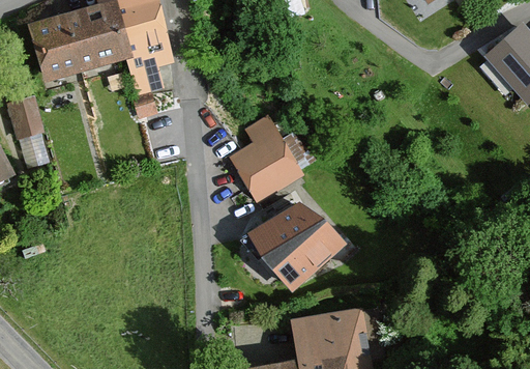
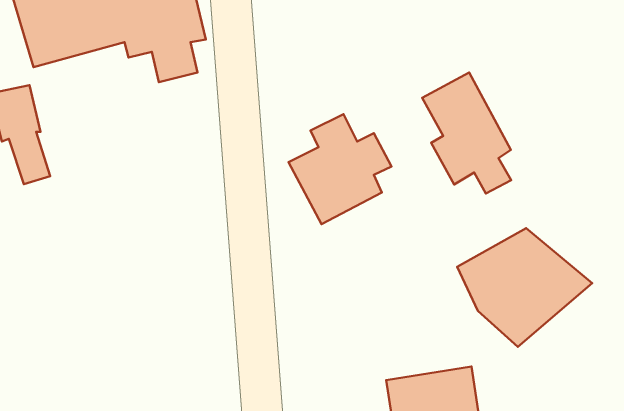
building: none -> [422,73,511,193]
building: [249,206,351,295] -> [457,228,592,347]

